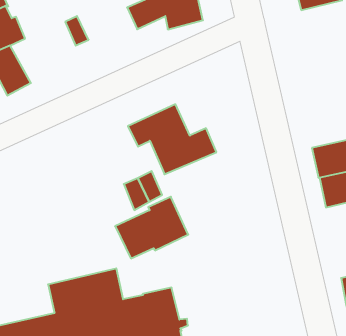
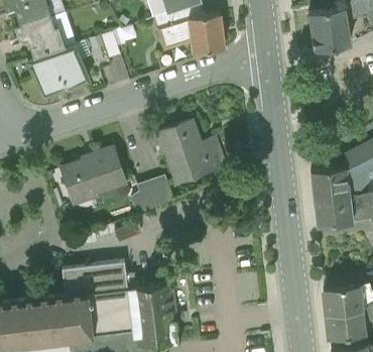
building: none -> [49,45,88,91]
building: [115,197,188,258] -> [60,147,125,199]

